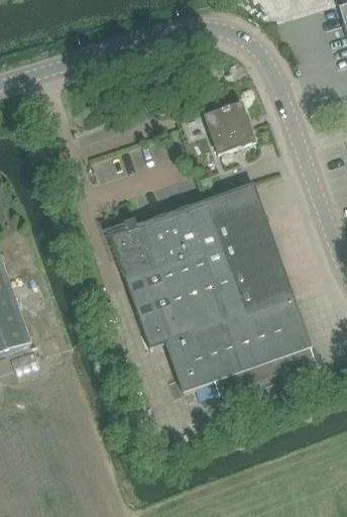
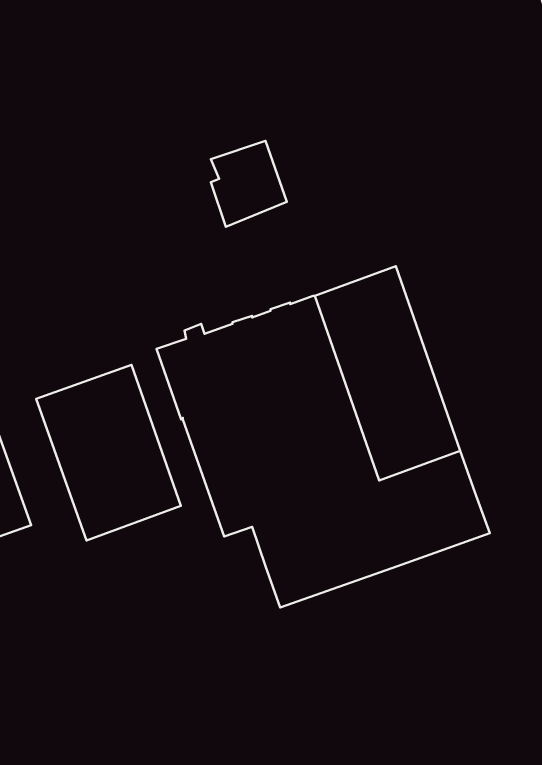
building: [208,102,254,154] -> [211,141,287,227]
building: none -> [36,365,181,541]

